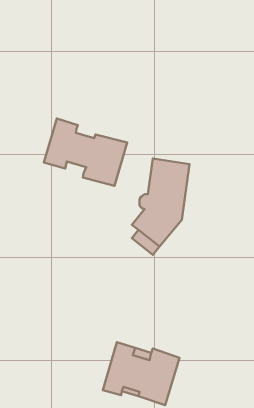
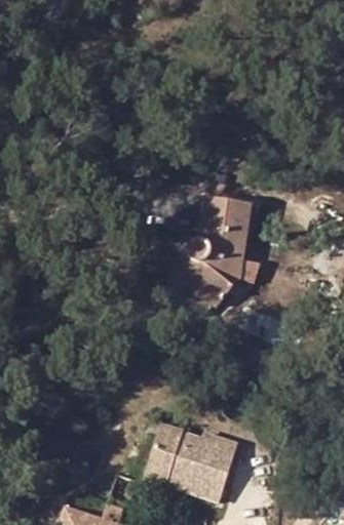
building: [44,119,127,186] -> none

